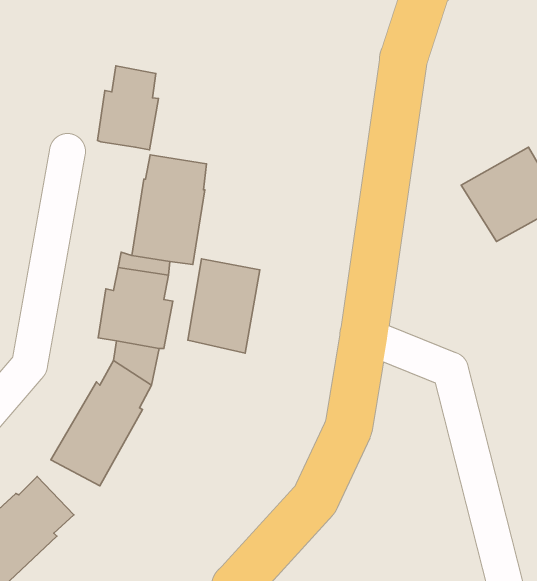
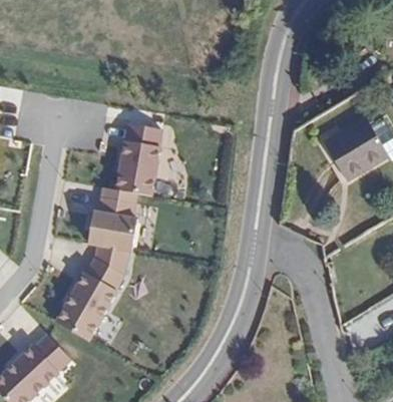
building: [97,66,159,150] -> none
building: [188,259,260,353] -> none

